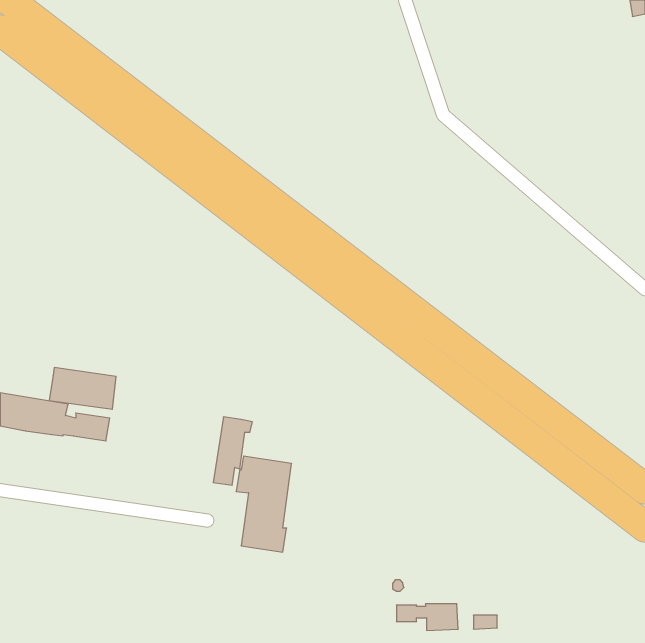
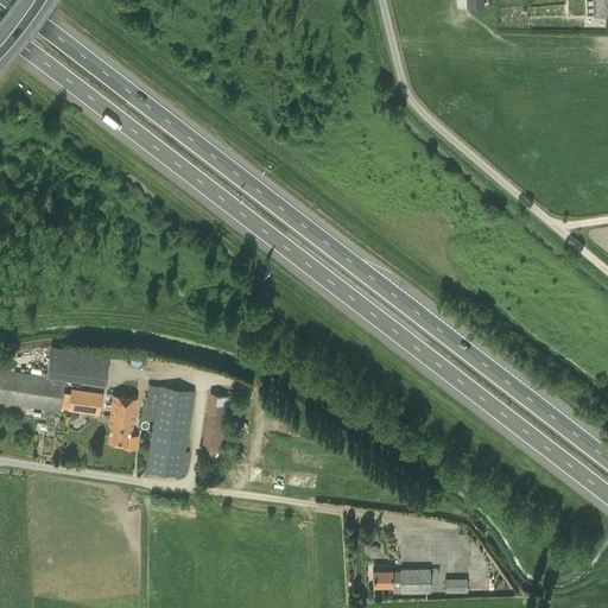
building: none -> [107,395,137,450]
building: [236,456,292,552] -> [141,386,194,476]

